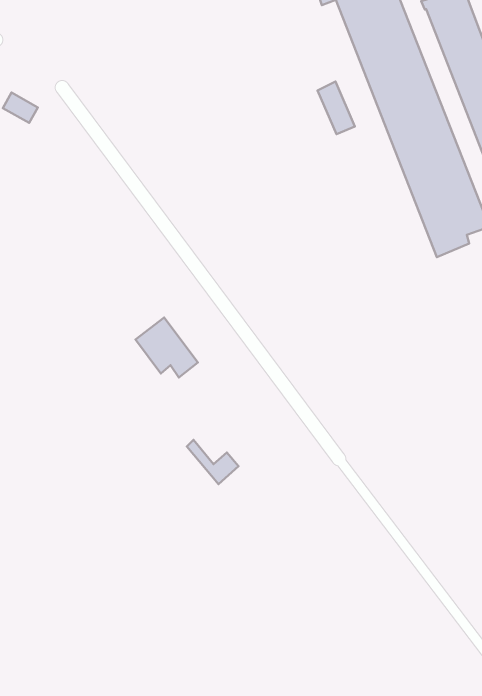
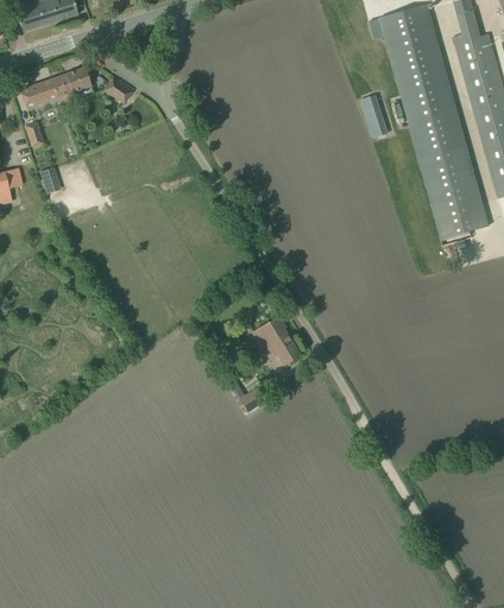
building: [135,318,198,377] -> [251,315,300,365]

